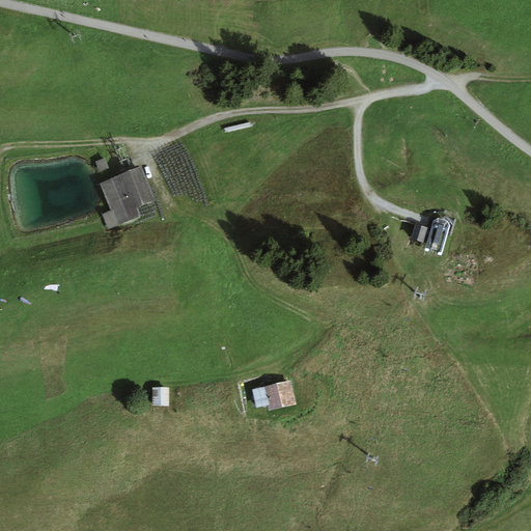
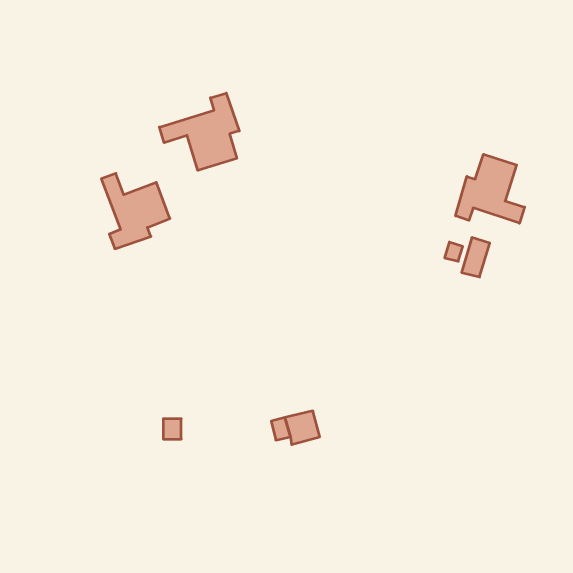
building: none -> [159,93,239,170]
building: none -> [456,154,525,223]

